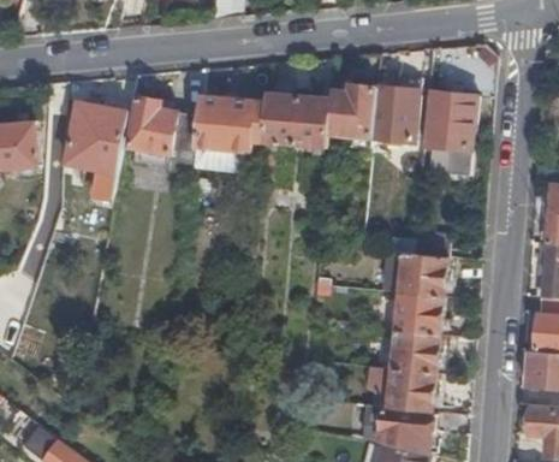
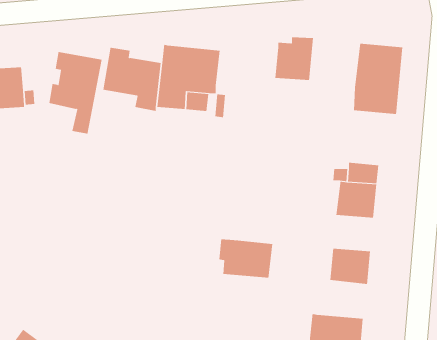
building: [261,59,332,147] -> none
building: [369,85,417,141] -> none
building: [396,291,444,333] -> none
building: [373,366,436,411] -> [218,239,273,278]

